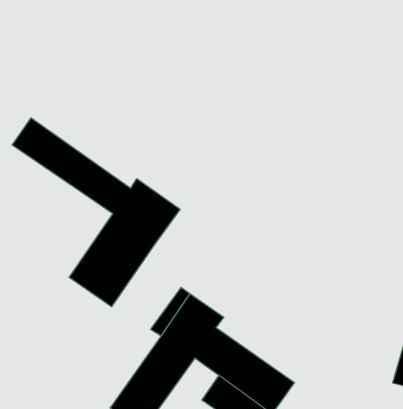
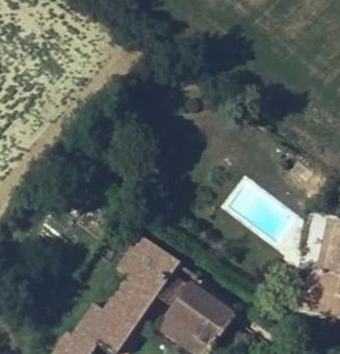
building: [12,118,180,307] -> none

